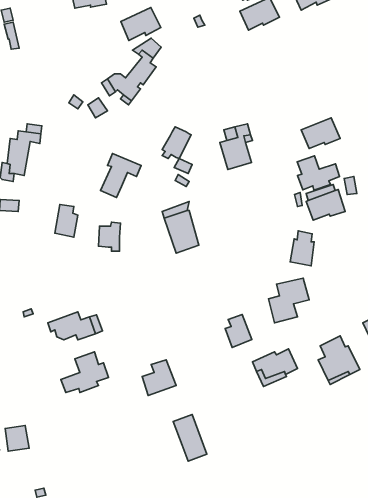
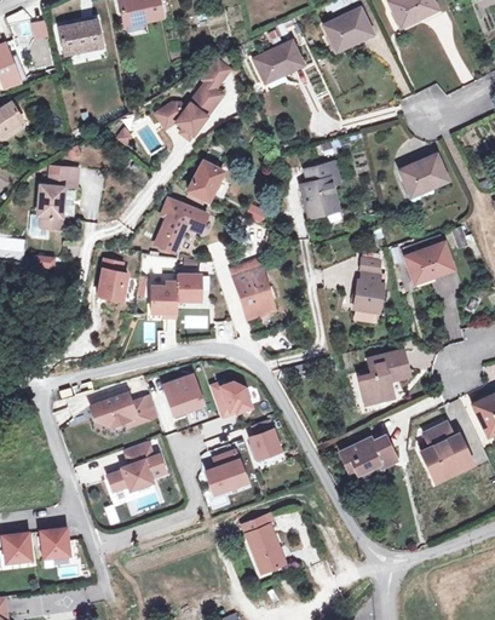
building: none -> [59,19,103,51]
building: [121,8,161,40] -> [254,41,303,81]
building: [162,127,191,159] -> [188,161,223,200]
building: [297,156,340,190] -> none
building: none -> [178,275,202,302]
building: [290,231,314,266] -> [353,270,382,312]
building: none -> [166,374,203,418]
building: none -> [211,377,255,420]
building: [225,315,252,348] -> [248,419,281,459]

